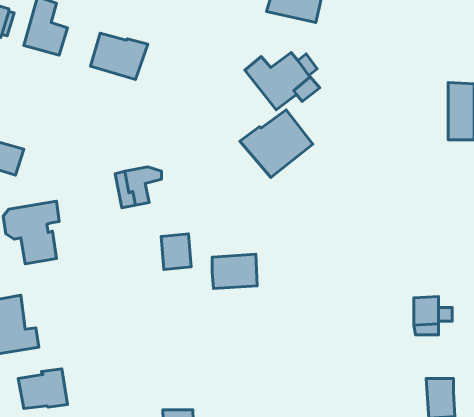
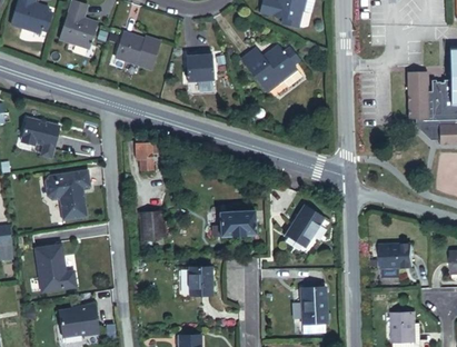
building: none -> [187,52,213,91]
building: [240,110,313,178] -> none
building: [161,234,191,269] -> [137,214,161,242]
building: none -> [281,208,317,247]
building: none -> [186,269,209,297]
building: none -> [297,288,324,335]

